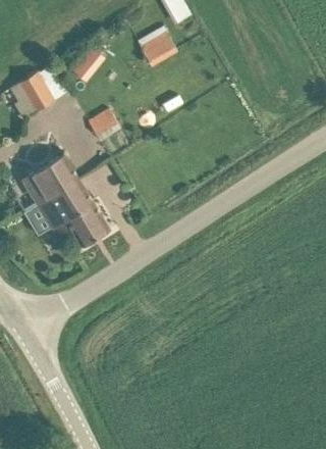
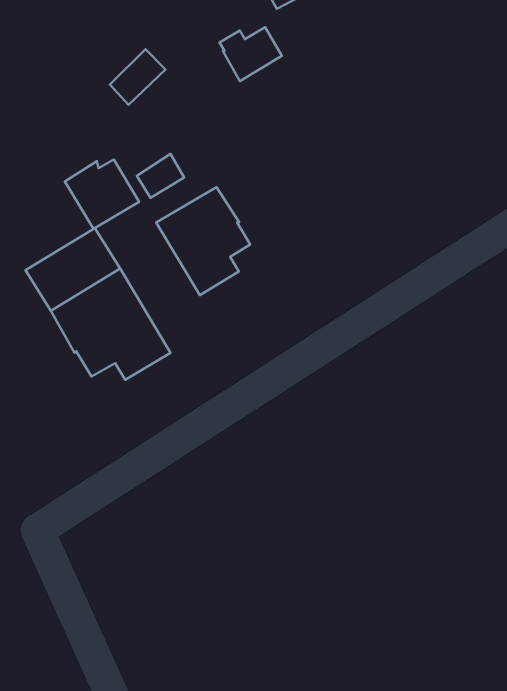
building: [16,70,61,112] -> [65,160,139,229]
building: none -> [156,187,250,295]

